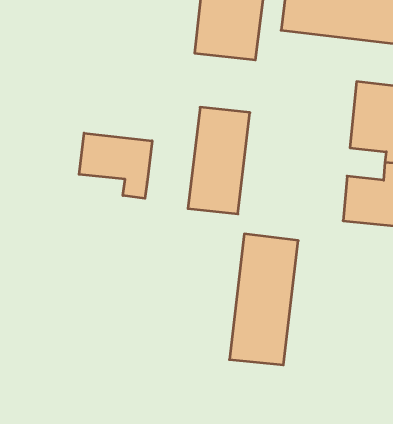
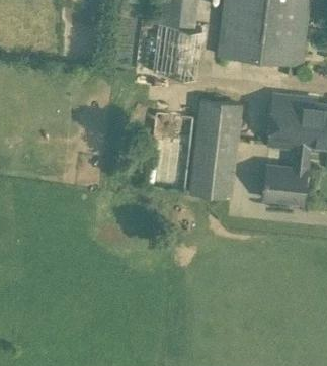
building: [79,133,152,198] -> none
building: [229,234,298,365] -> [190,100,242,198]

